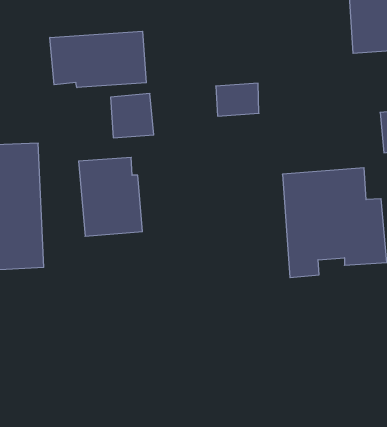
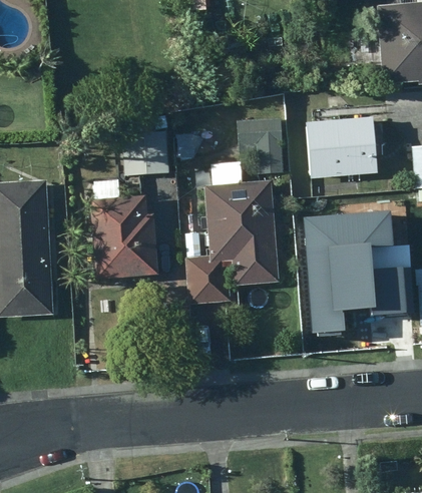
building: [50,31,146,88] -> none
building: none -> [307,118,377,177]
building: none -> [185,181,278,305]

